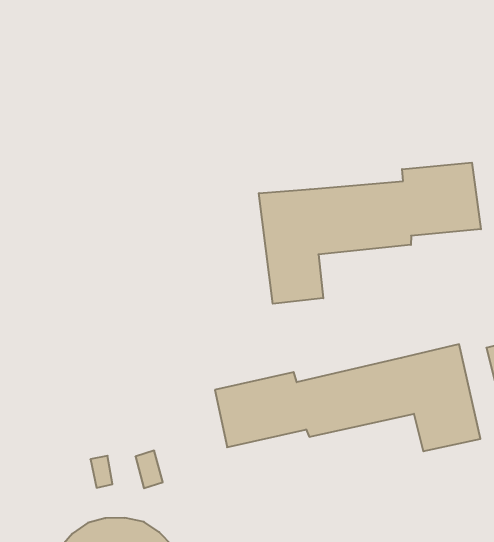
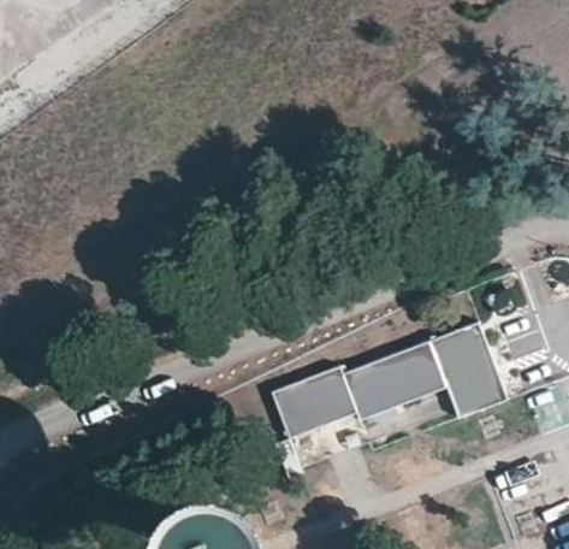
building: [259,163,481,304] -> none

